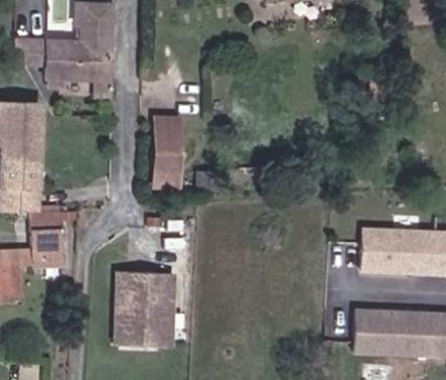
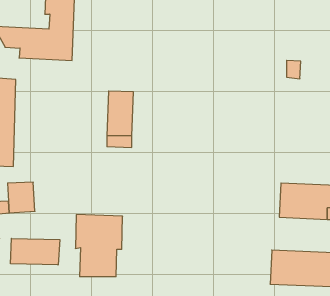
building: none -> [11,238,60,265]

